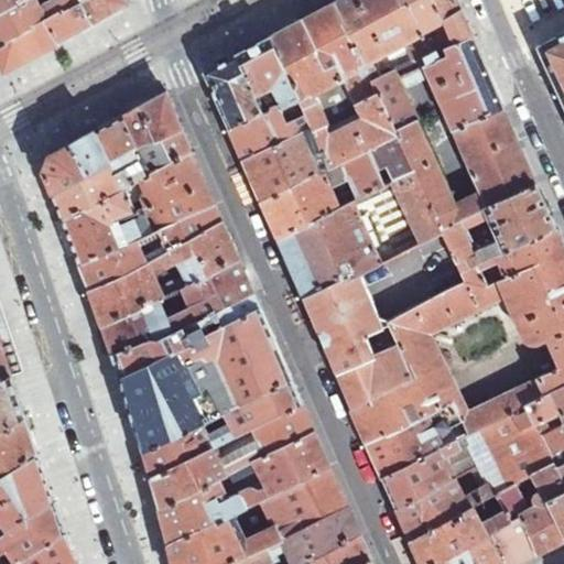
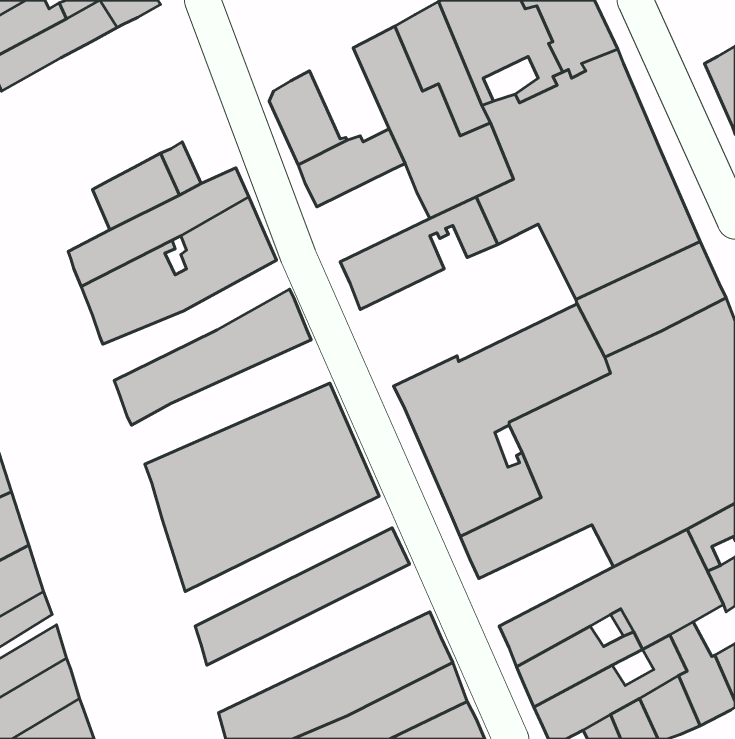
building: [236,36,296,108] -> none
building: [139,94,180,140] -> none
building: [241,130,327,199] -> none
building: [43,144,84,192] -> none
building: [274,171,440,294] -> none
building: [78,198,220,290] -> none
building: [100,259,251,354] -> none
building: [141,378,299,477] -> none
building: [365,400,467,477] -> none
building: [158,430,327,543] -> none

